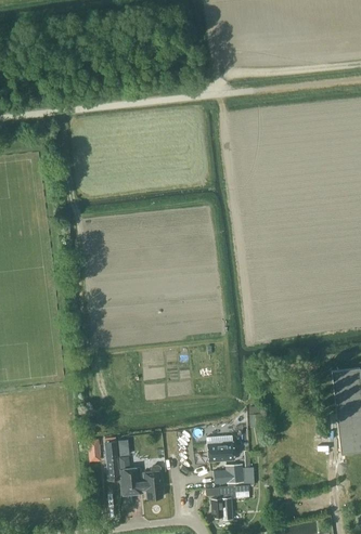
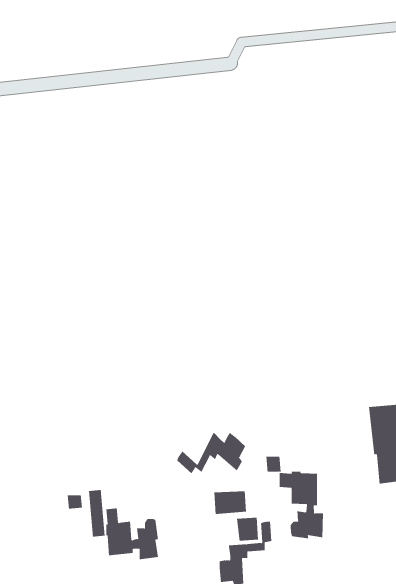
building: none -> [176,432,246,474]
building: none -> [279,471,323,539]

